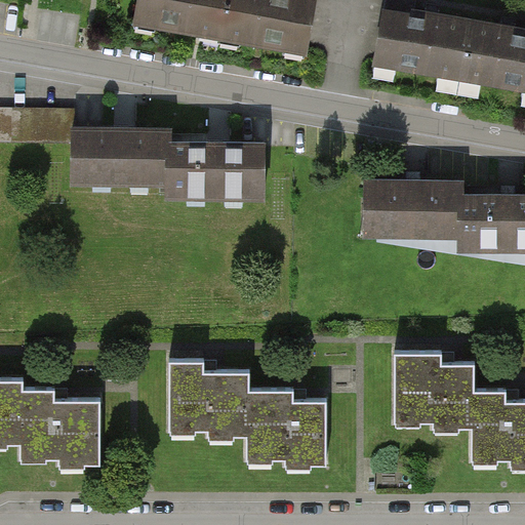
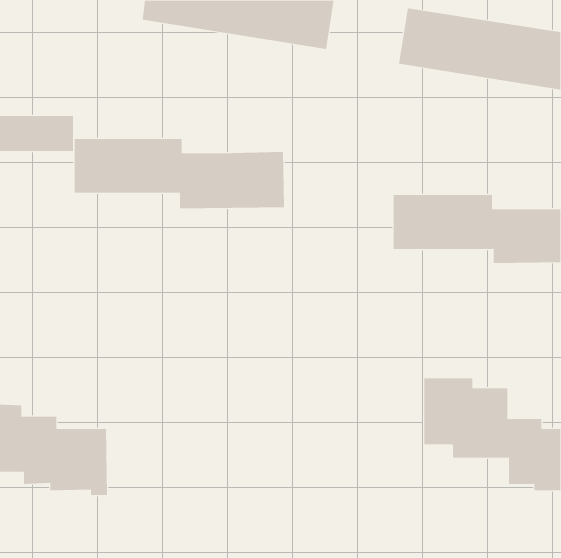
building: [169,365,327,466] -> none

